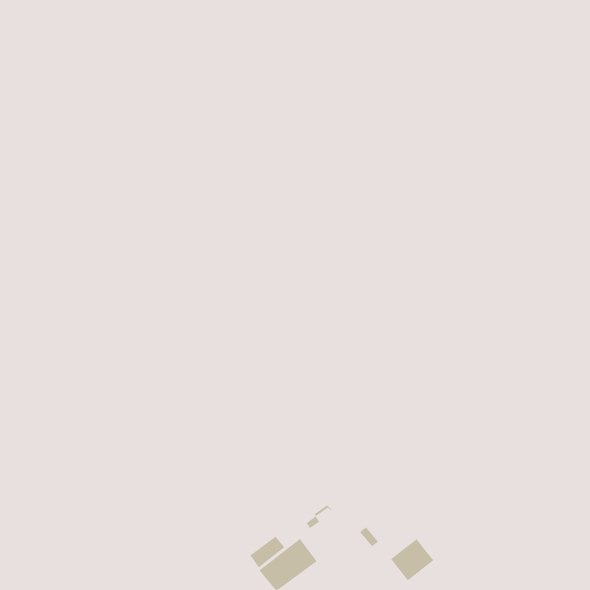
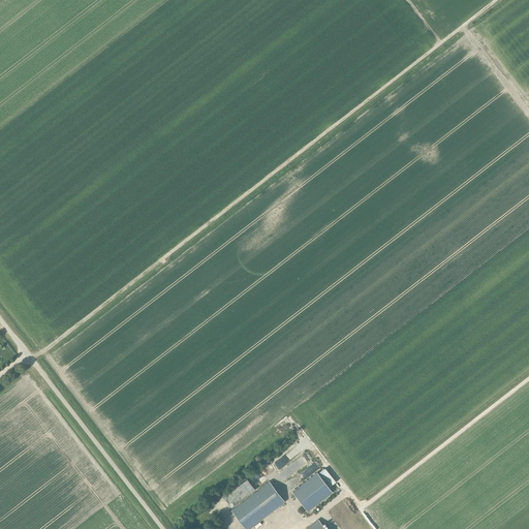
building: [390,538,434,581] -> [292,473,332,511]

